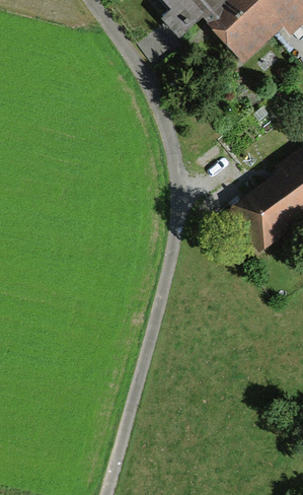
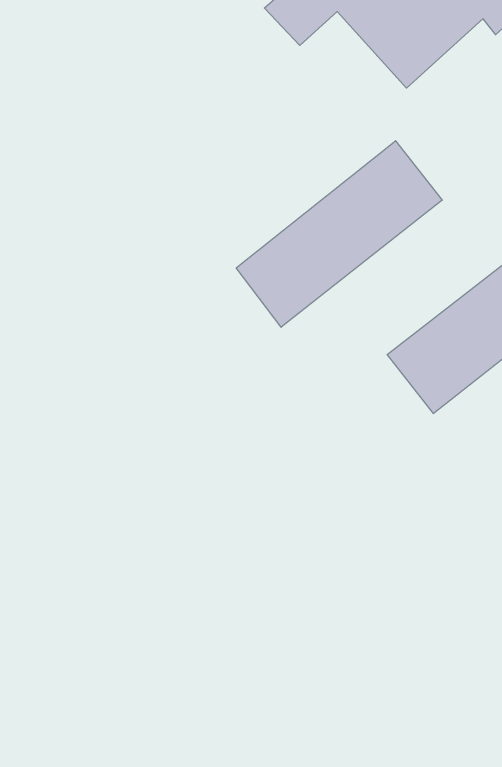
building: none -> [236,141,442,327]

